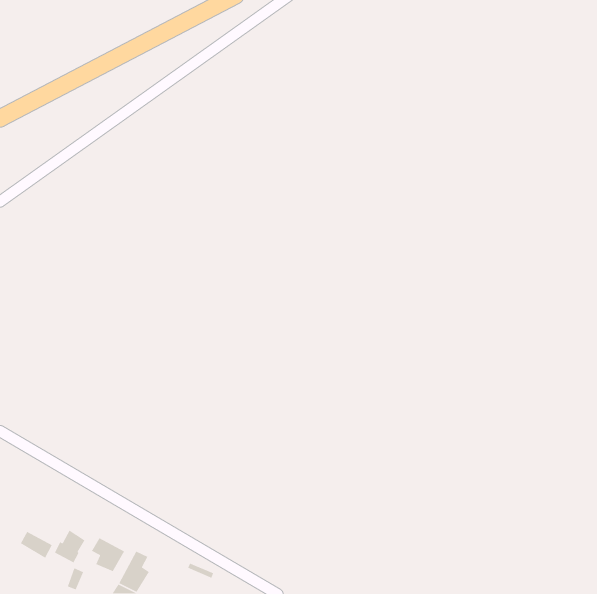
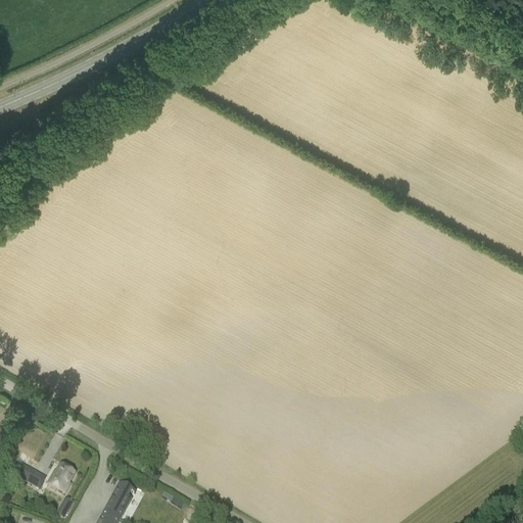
building: [91,537,125,572] -> none

